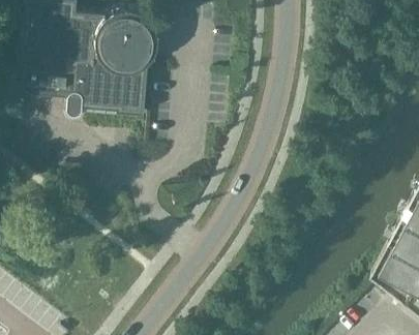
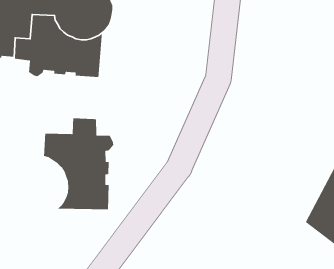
building: none -> [43,118,114,210]

